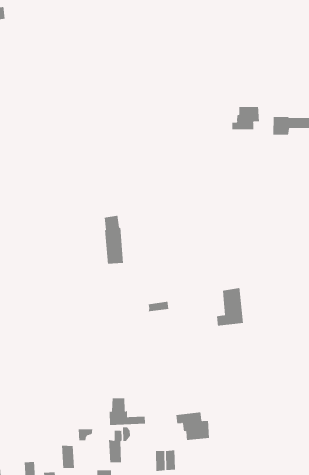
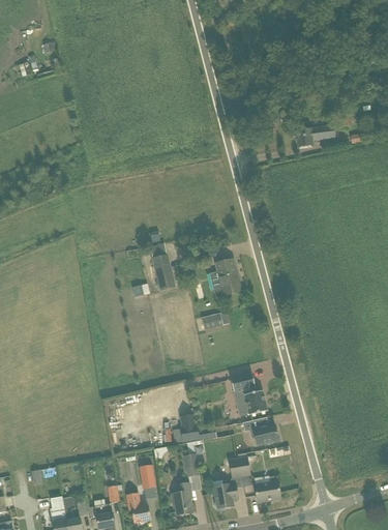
building: [232,106,259,130] -> none
building: [216,287,244,326] -> [213,259,240,298]
building: none -> [230,374,266,415]

